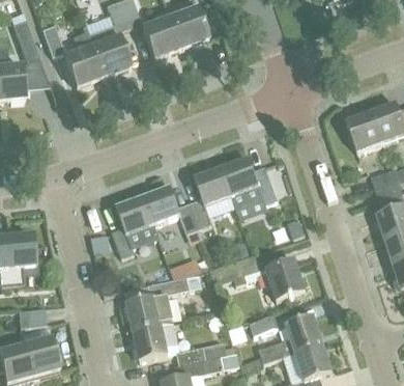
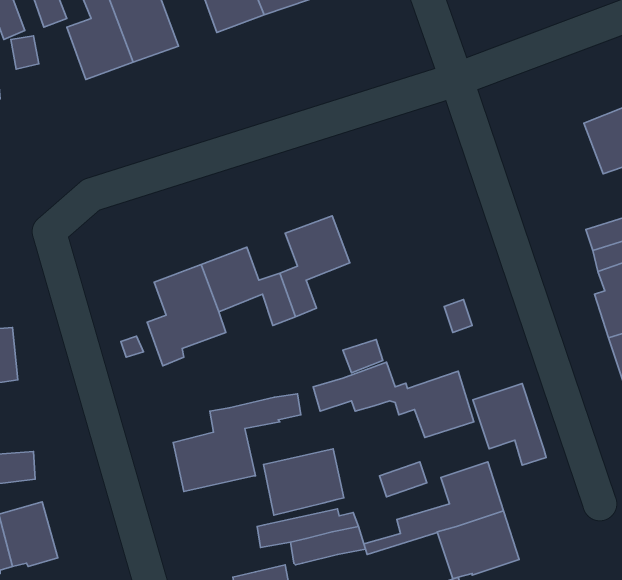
building: [345,112,381,151] -> none
building: [221,158,277,208] -> none
building: none -> [473,383,546,465]
building: [133,322,180,361] -> [263,449,344,515]

